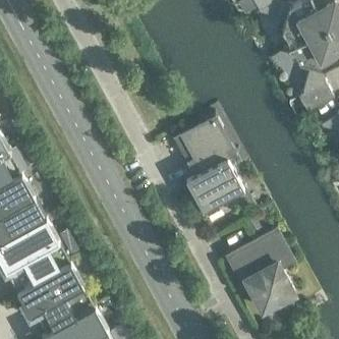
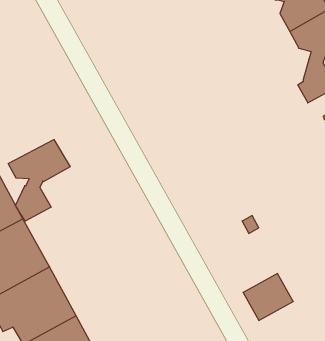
building: [171,116,243,218] -> none
building: none -> [8,140,70,221]
building: [227,233,291,289] -> none

